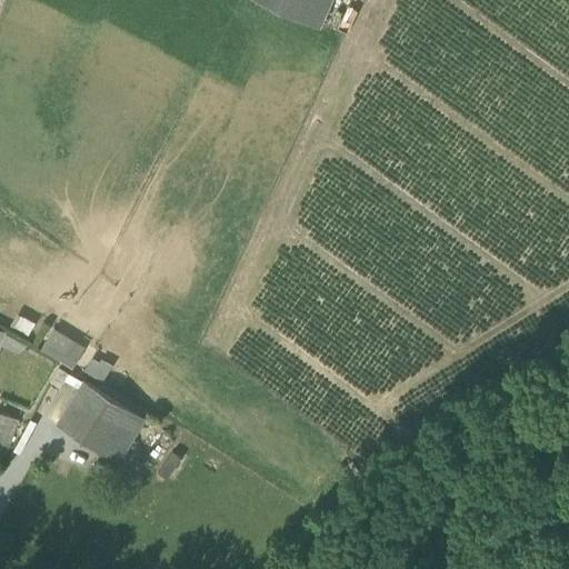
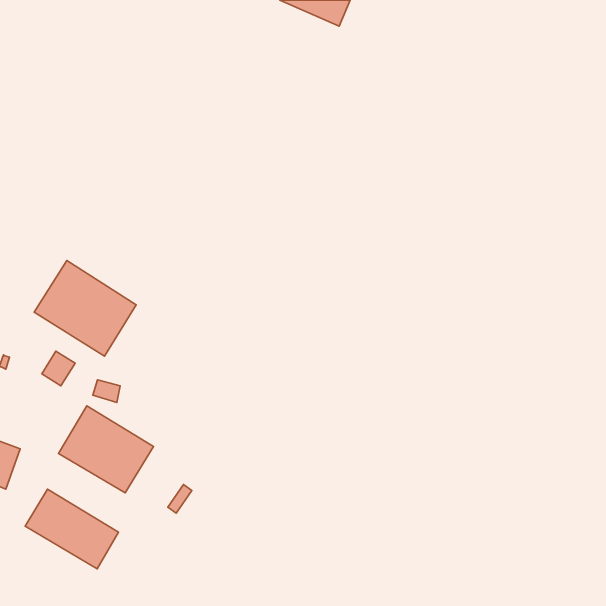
building: none -> [34,260,136,356]
building: none -> [25,489,119,569]

